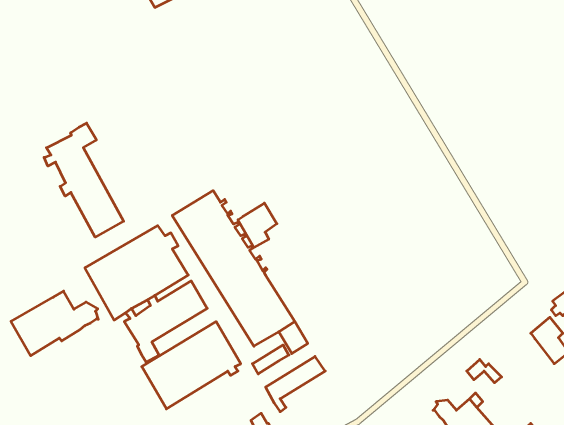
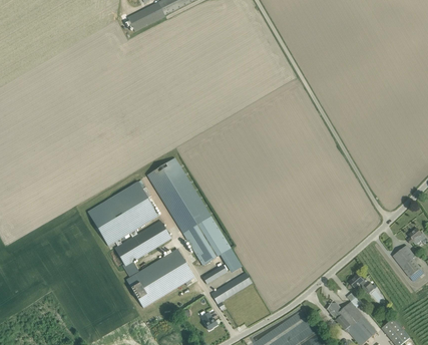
building: [44,123,124,237] -> none
building: [238,203,277,247] -> none
building: [11,291,98,356] -> none

